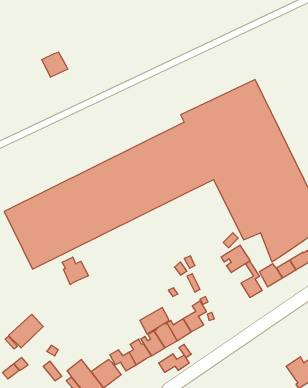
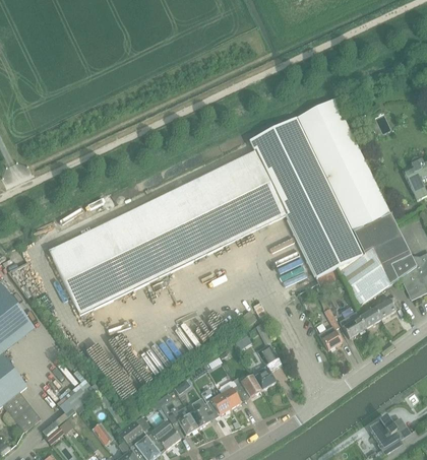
building: [42,52,68,77] -> none
building: [221,245,250,273] -> none
building: [62,257,88,285] -> none
building: [140,307,169,334] -> none
building: [159,354,189,372] -> none

